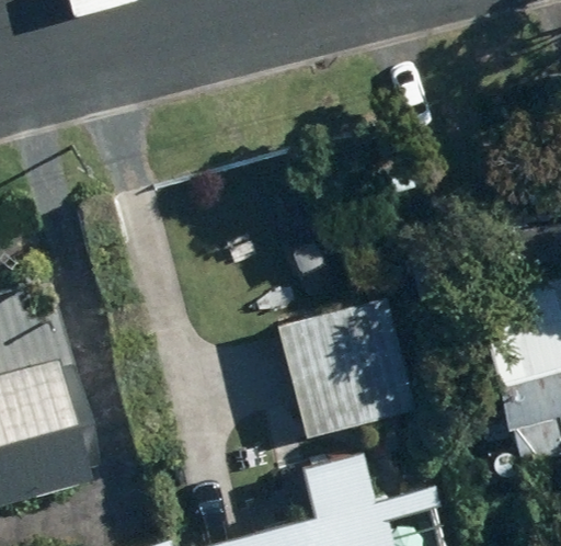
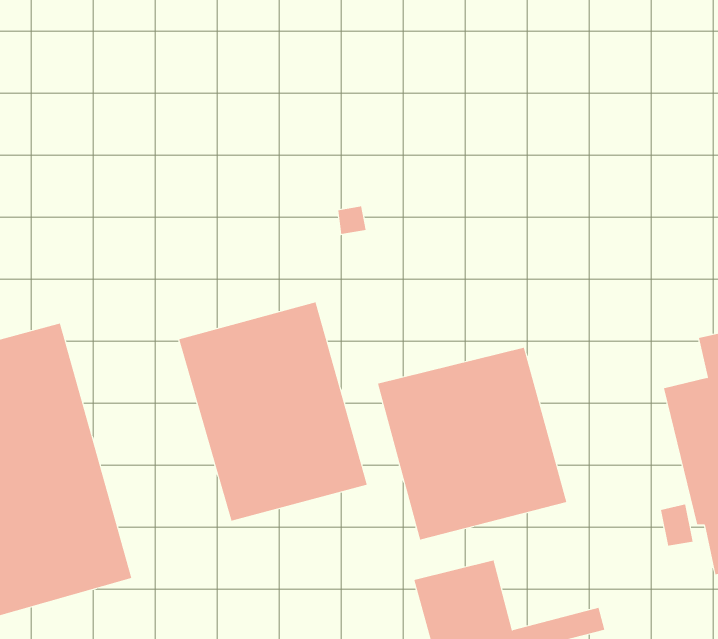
building: none -> [178,301,368,522]

